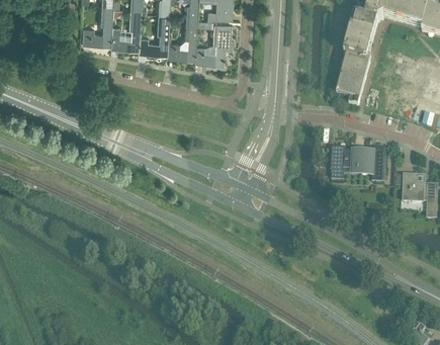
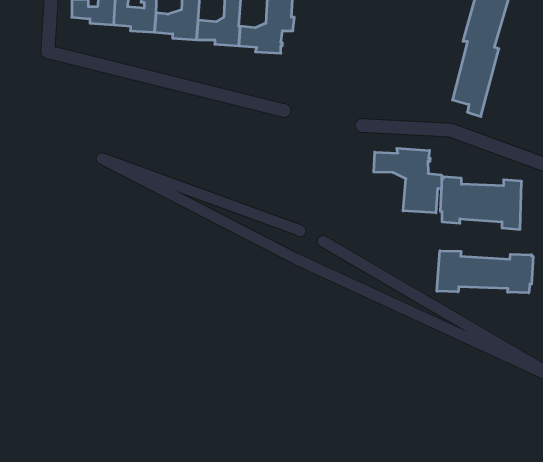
building: none -> [374,148,441,213]
building: none -> [437,251,533,293]

